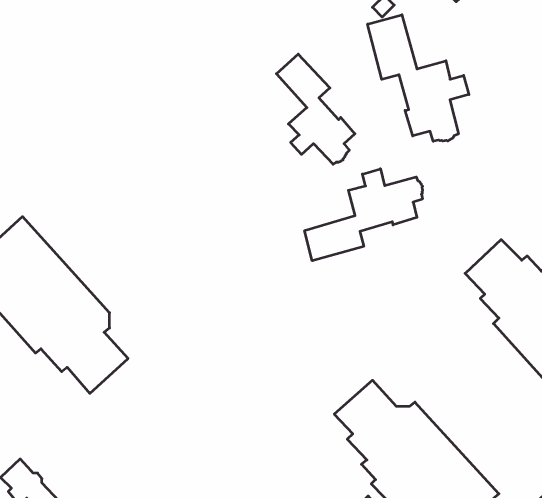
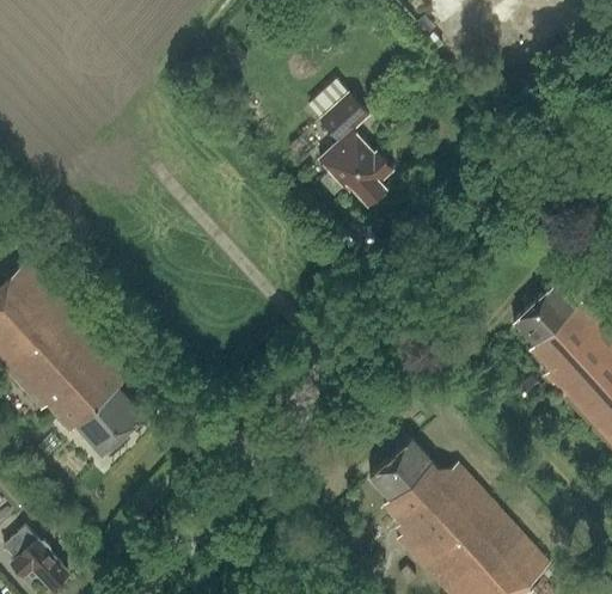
building: [368,15,469,141] -> none
building: [305,169,423,261] -> none

